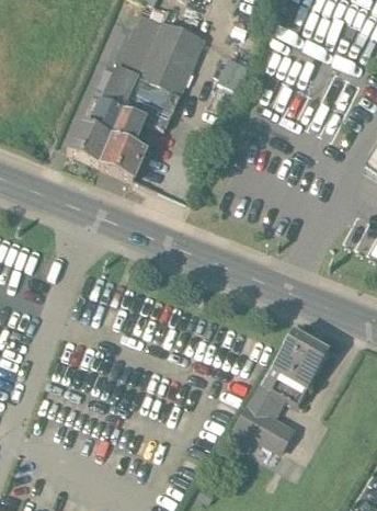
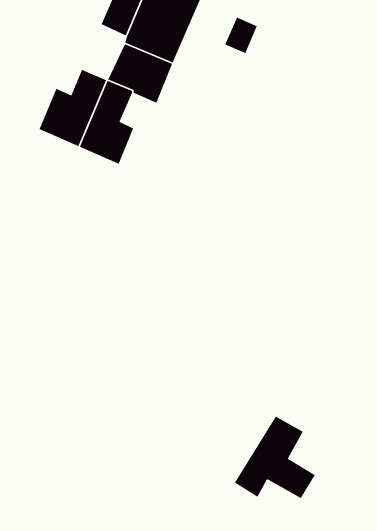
building: [104,63,140,107] -> none
building: [262,329,330,402] -> none

